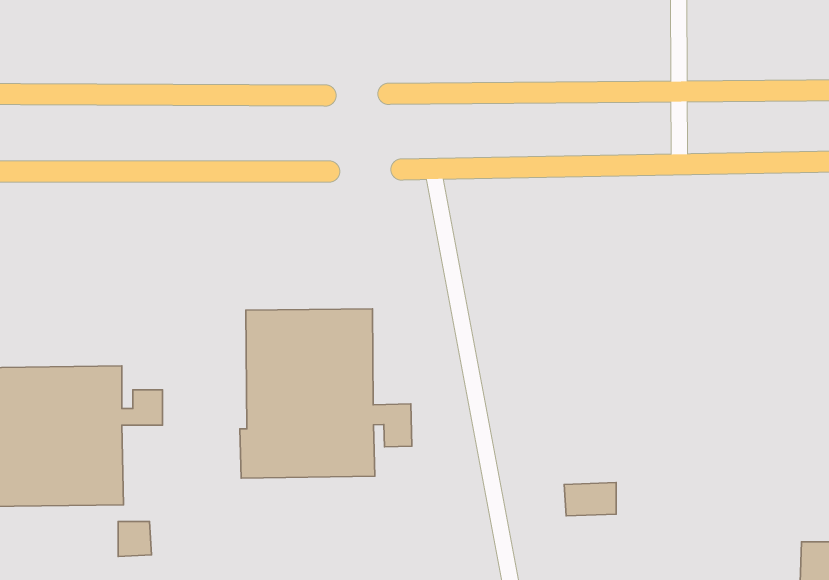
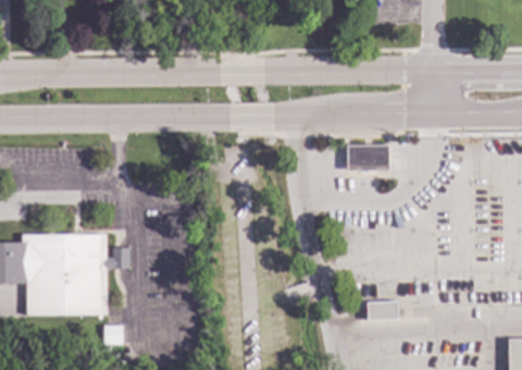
building: none -> [346,144,387,169]
building: [240,309,412,478] -> none

